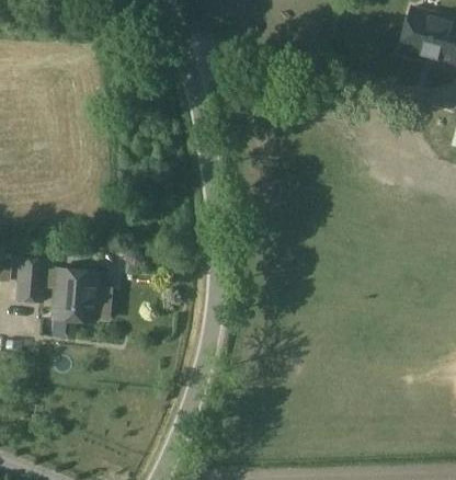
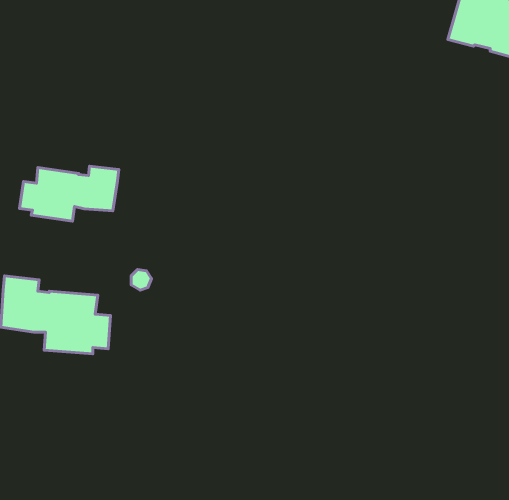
building: none -> [20,166,119,221]

